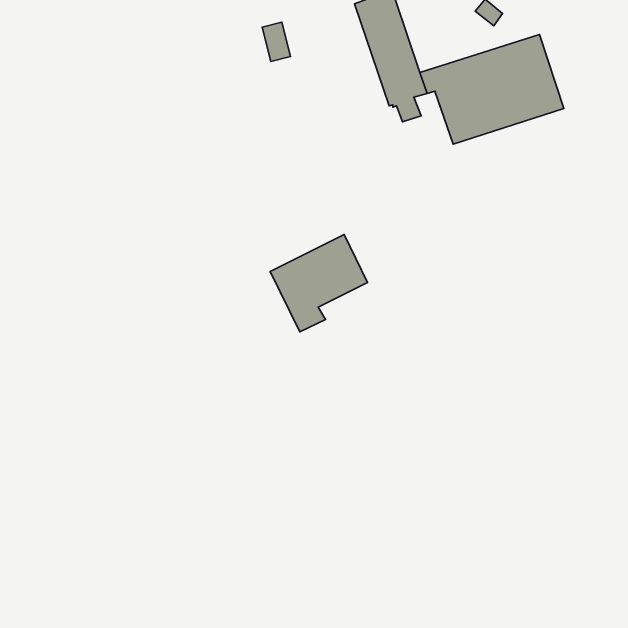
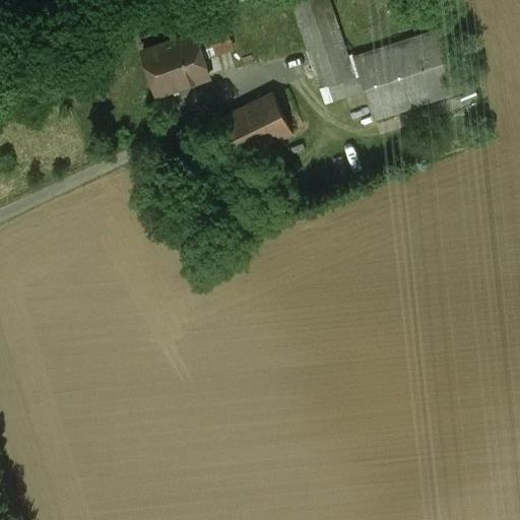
building: none -> [142,35,208,94]
building: [270,235,367,332] -> [211,92,291,173]

